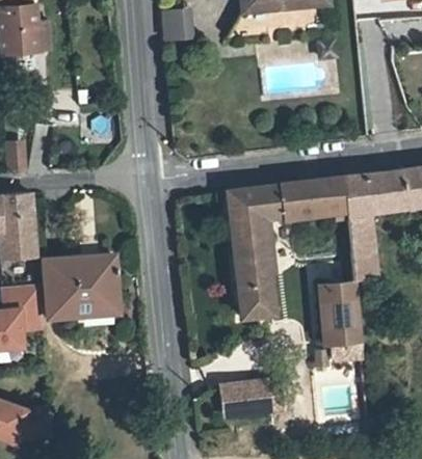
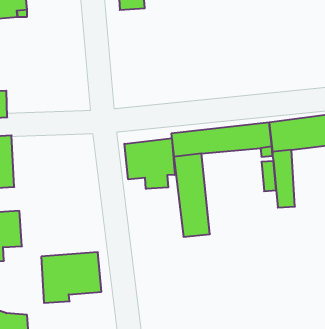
building: none -> [124,138,175,189]
building: [47,253,120,315] -> [41,252,101,303]
building: [319,280,362,361] -> none
building: [218,377,274,420] -> none

